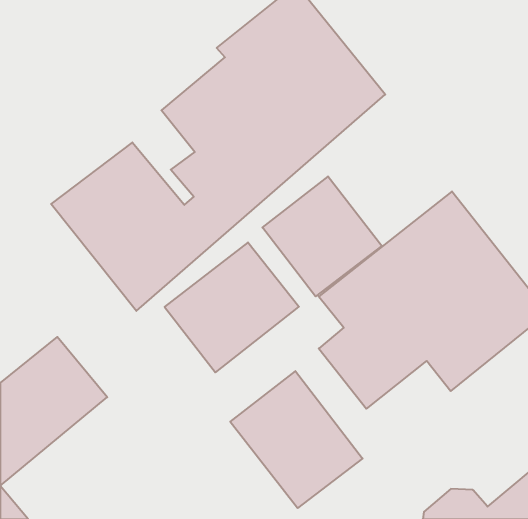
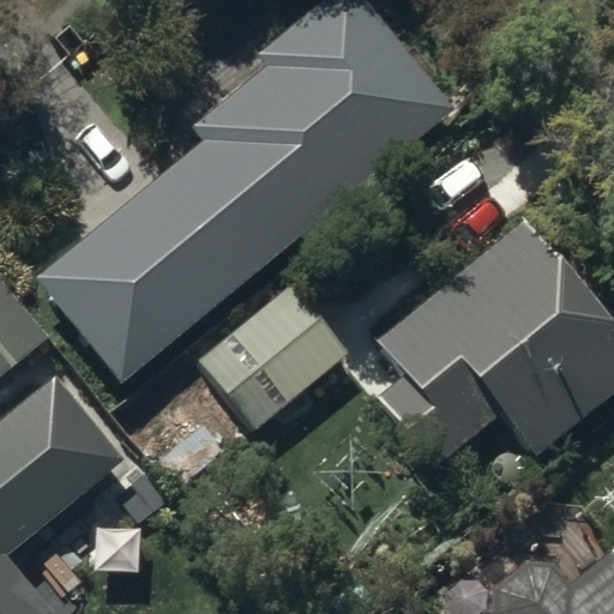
building: [262,176,382,296] -> none
building: [230,371,363,508] -> none

